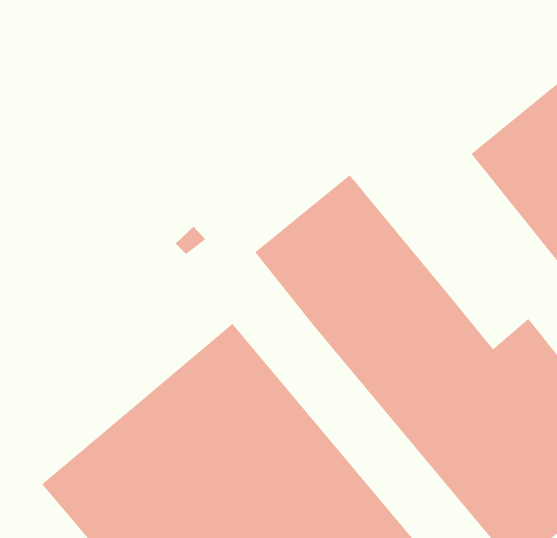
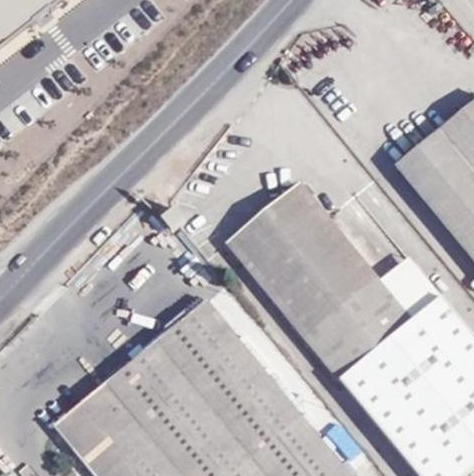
building: none -> [381,256,442,319]

